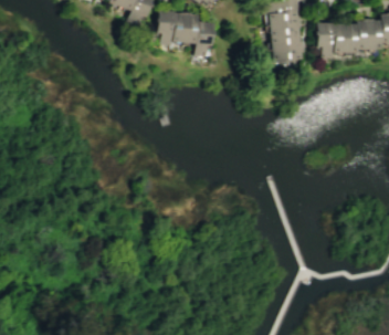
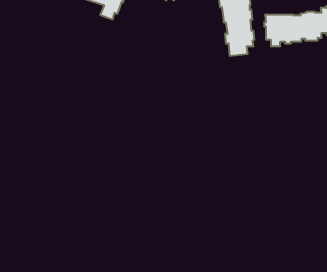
building: [156,10,214,56] -> none

